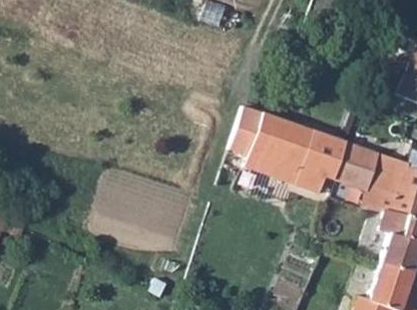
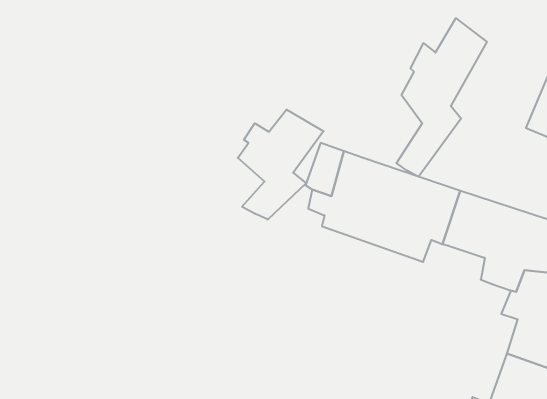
building: none -> [397,18,487,177]
building: none -> [238,110,324,220]

